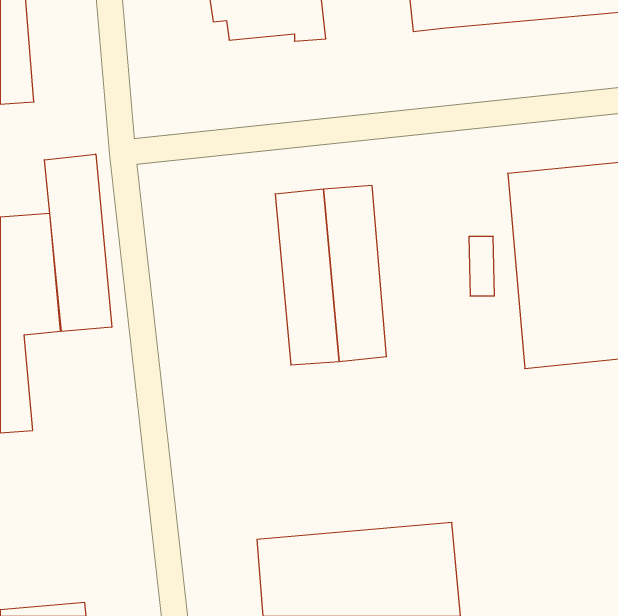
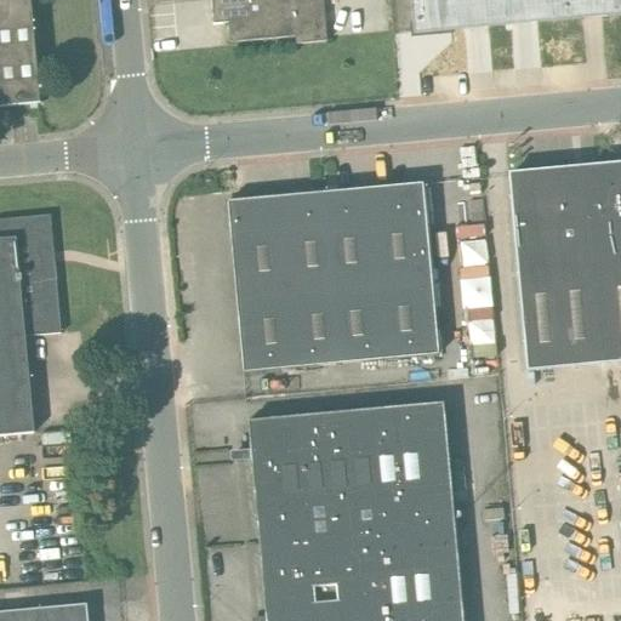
building: [44,154,112,331] -> none
building: none -> [374,181,438,357]
building: none -> [227,194,292,370]
building: none -> [247,401,454,540]

